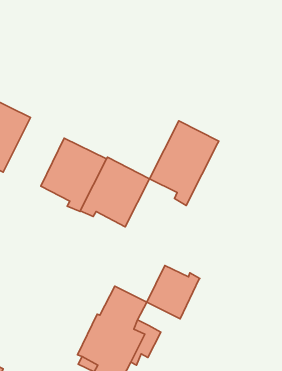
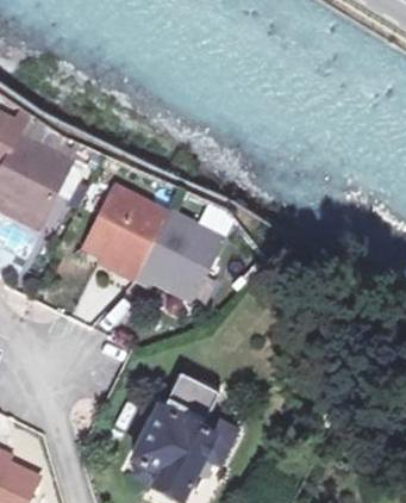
building: [150,121,219,206] -> none
building: [147,266,200,319] -> none

